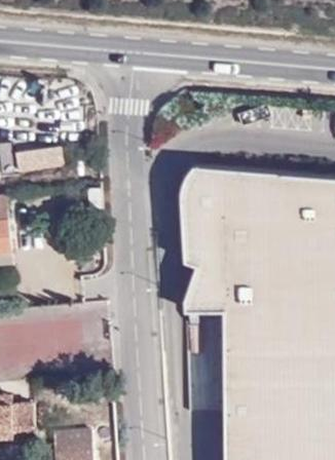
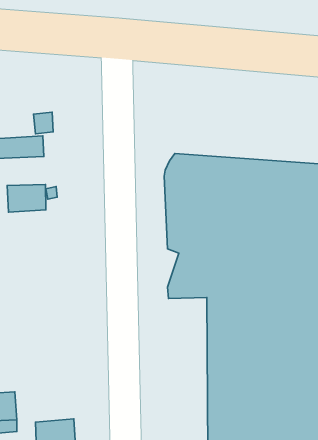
building: none -> [7,184,46,212]

